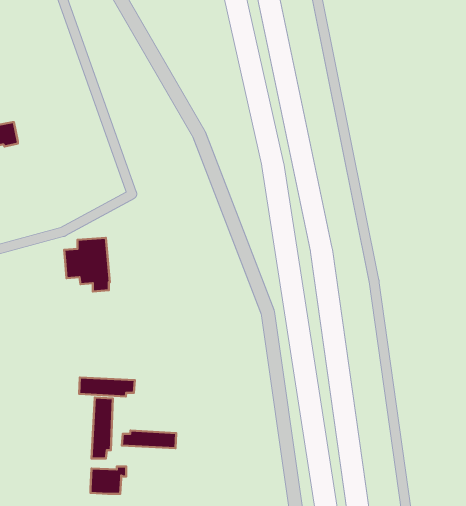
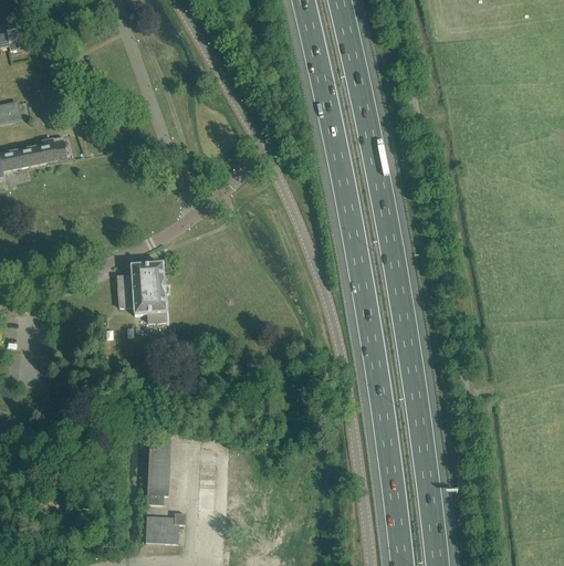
building: [79,377,135,397] -> none
building: [122,430,176,448] -> none

